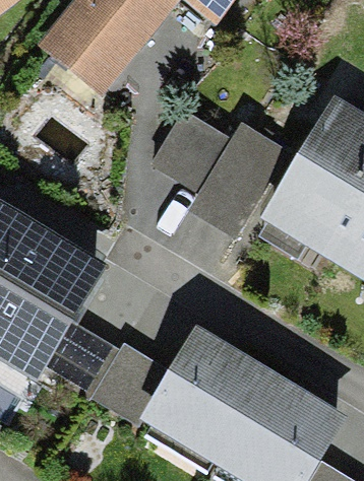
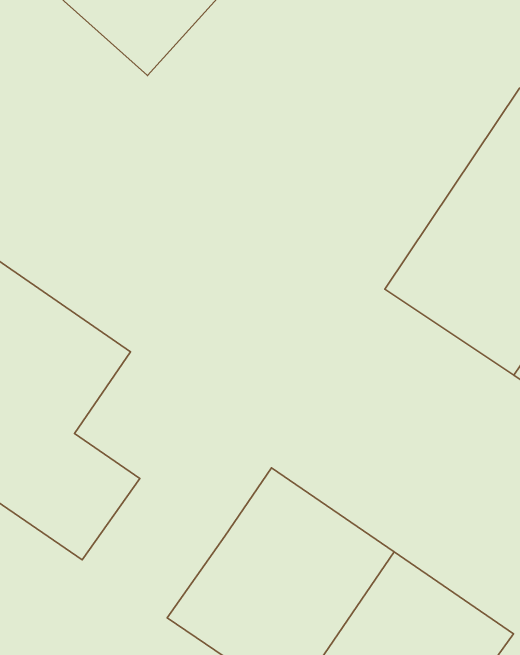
building: [153,113,289,240] -> none
building: [84,341,169,423] -> none

